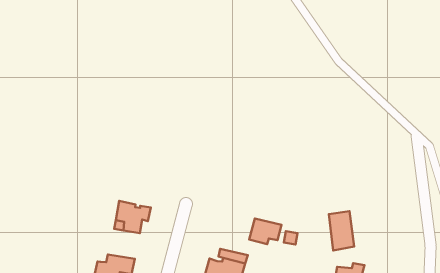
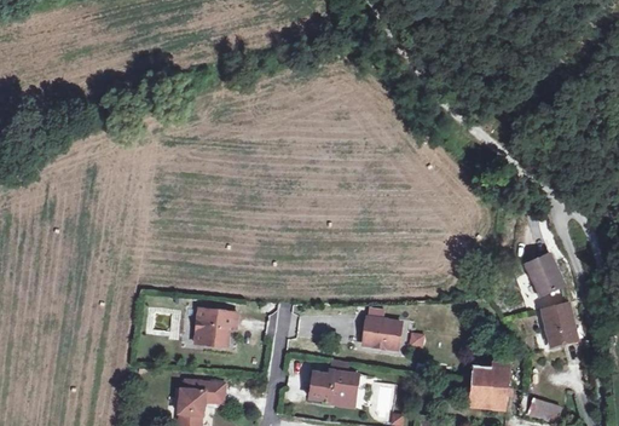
building: none -> [521,257,561,299]
building: [329,211,354,251] -> [540,301,575,352]

